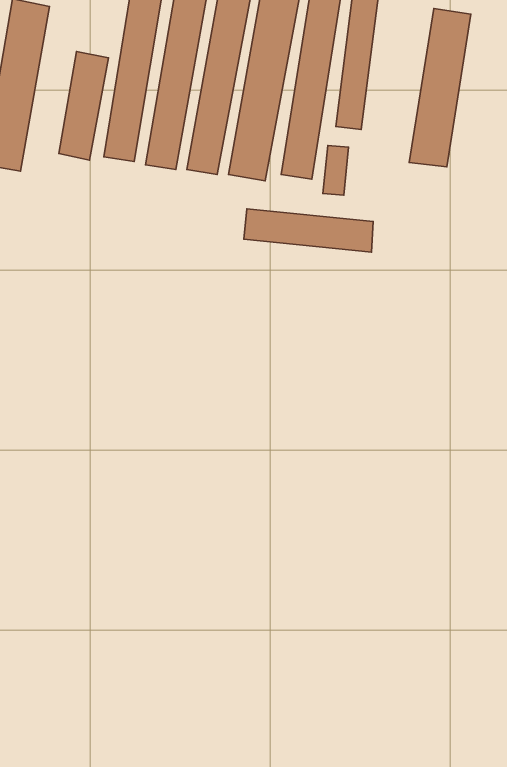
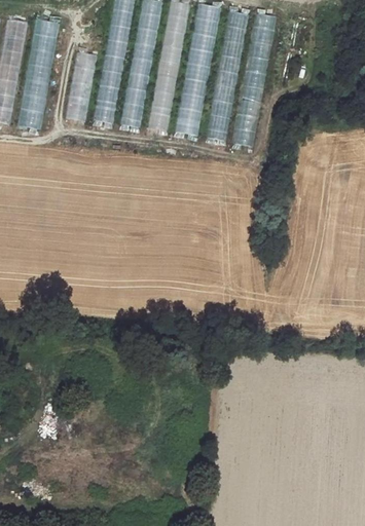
building: [409,8,471,167] -> none
building: [244,209,373,252] -> none

